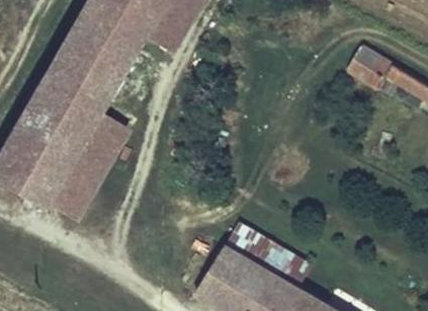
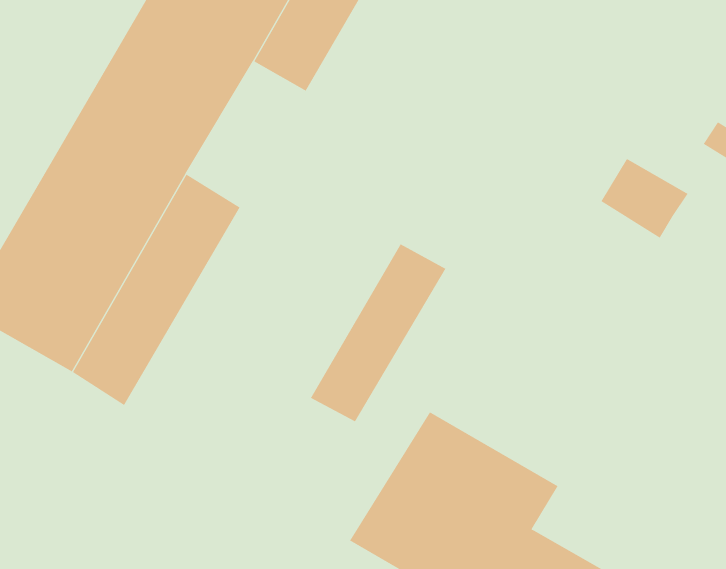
building: [348,48,396,91] -> [600,158,688,239]
building: none -> [310,243,446,422]

